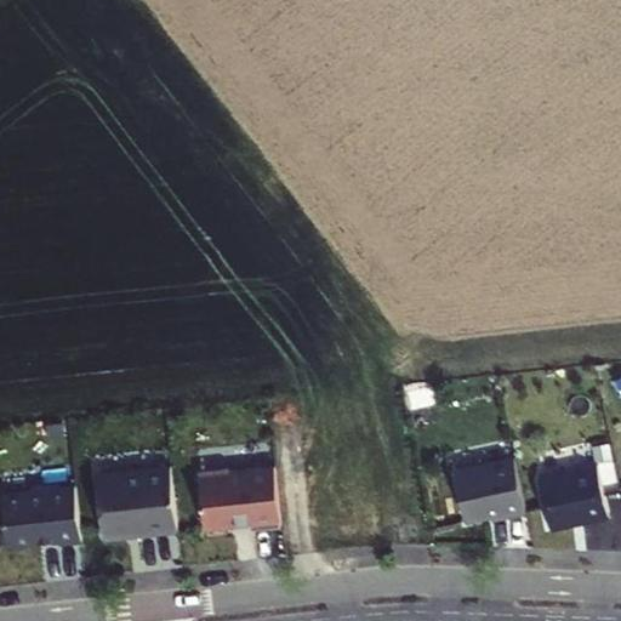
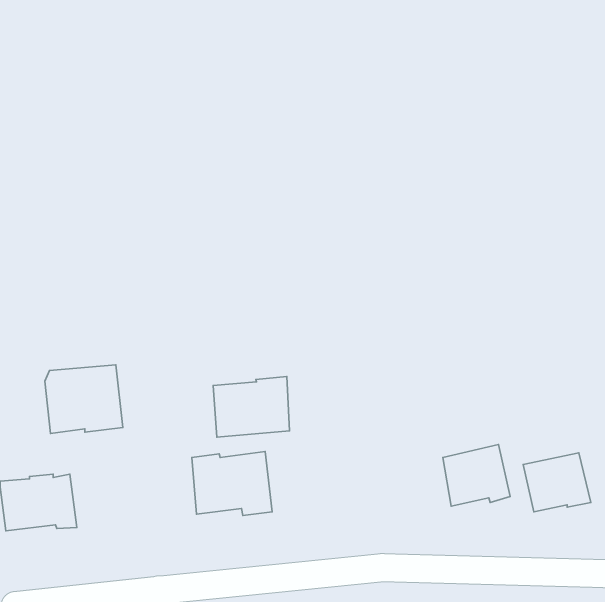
building: none -> [213,377,290,437]
building: [95,468,175,539] -> [45,365,123,433]

